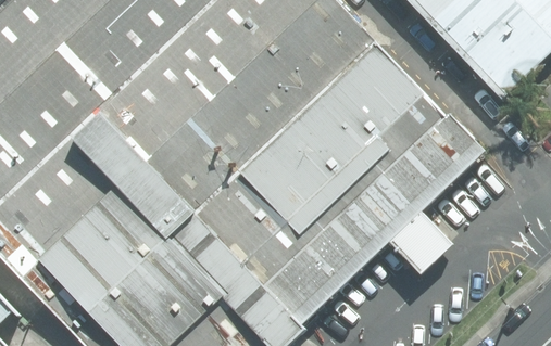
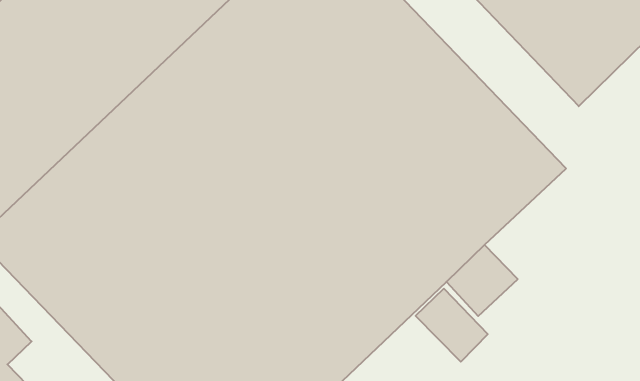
building: none -> [416,289,488,362]

